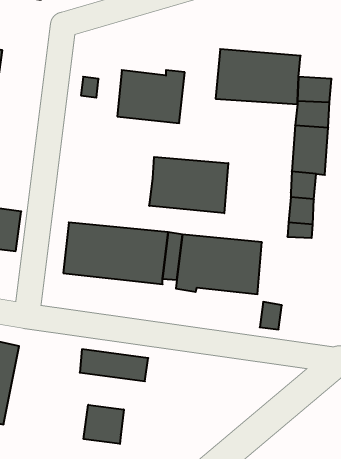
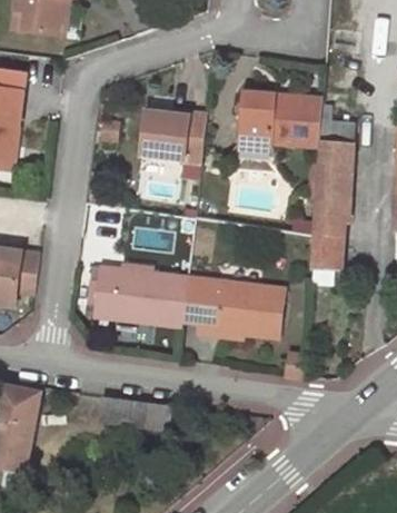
building: [149,157,228,213] -> none
building: [84,405,124,444] -> none

